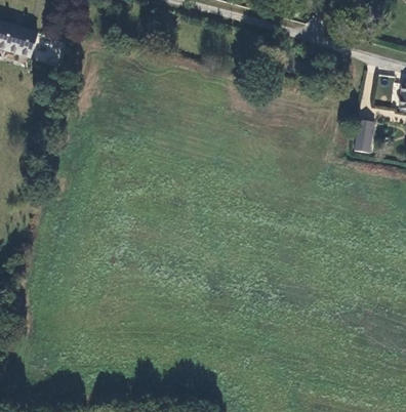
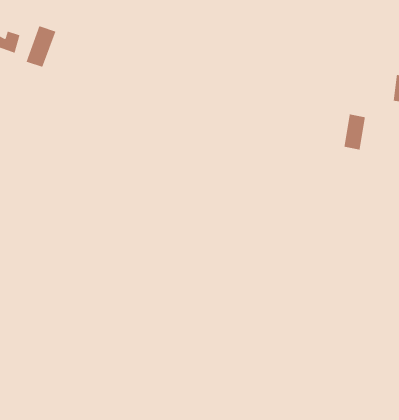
building: none -> [25,25,57,68]

